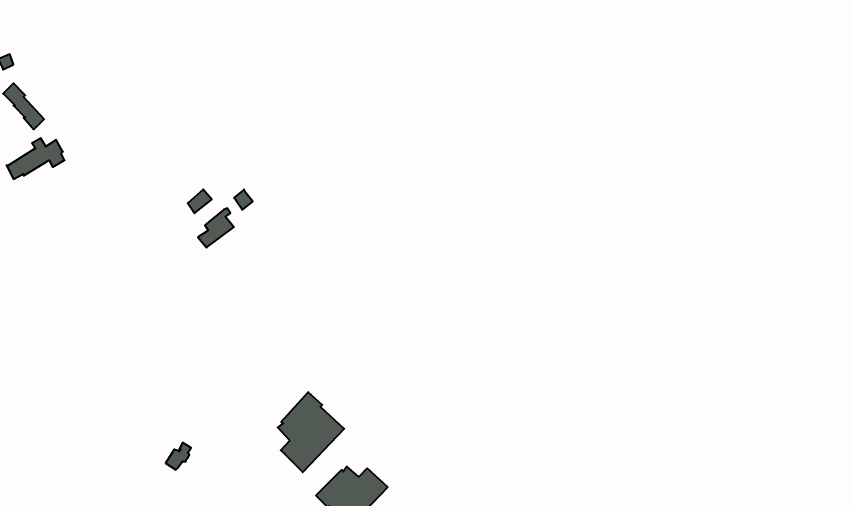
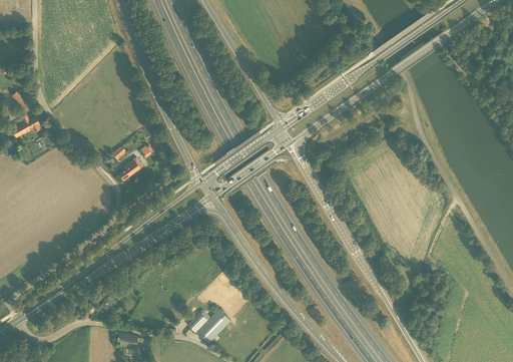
building: [278,392,344,472] -> none

